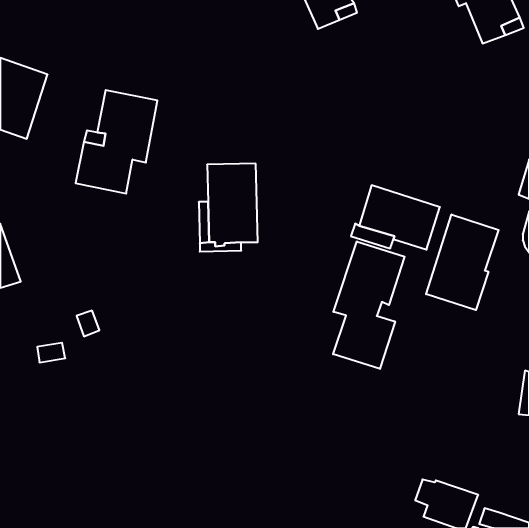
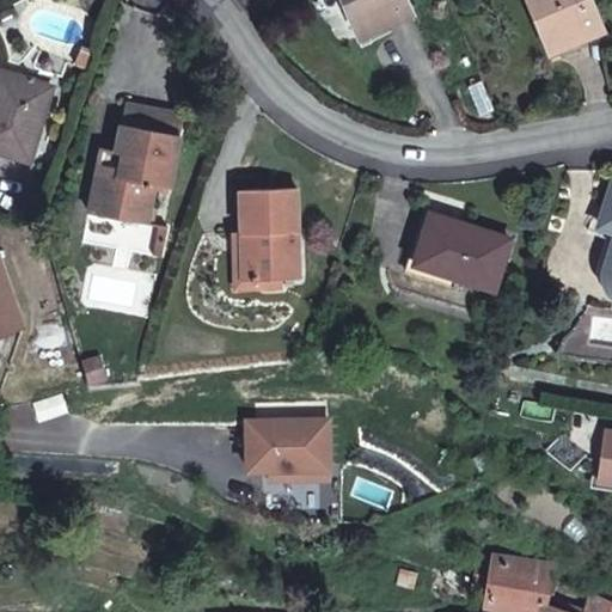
building: [426,214,499,310] -> none
building: [333,241,405,369] -> none
building: none -> [245,422,326,481]

